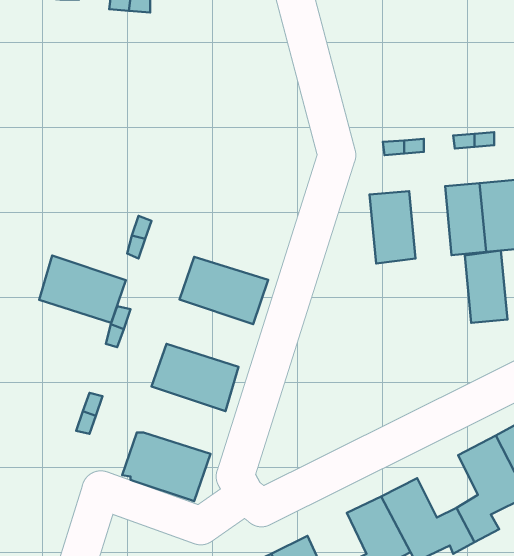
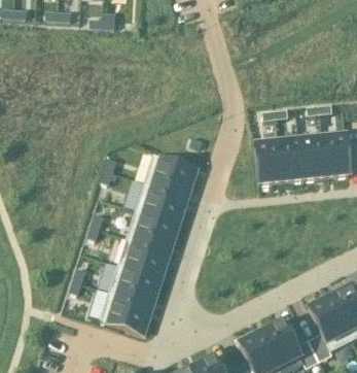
building: none -> [144,152,200,196]
building: [465,251,507,323] -> [279,137,306,182]
building: [39,255,126,323] -> [127,208,181,250]
building: none -> [108,263,164,305]

